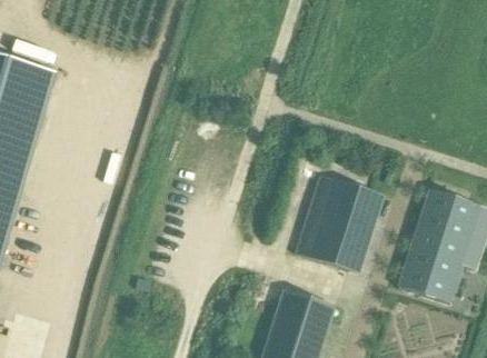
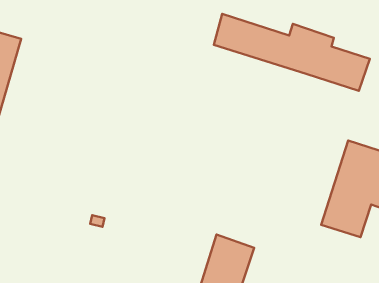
building: none -> [214,14,370,91]
building: [298,180,379,274] -> none

